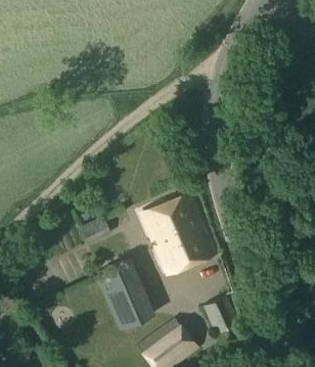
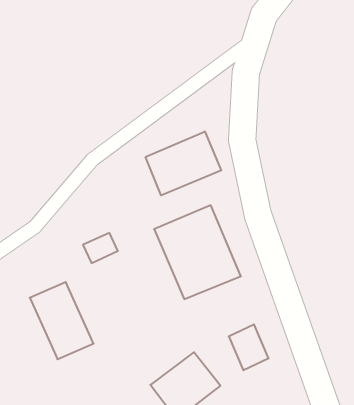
building: none -> [146,131,221,195]
building: [98,263,152,328] -> [30,282,94,359]

